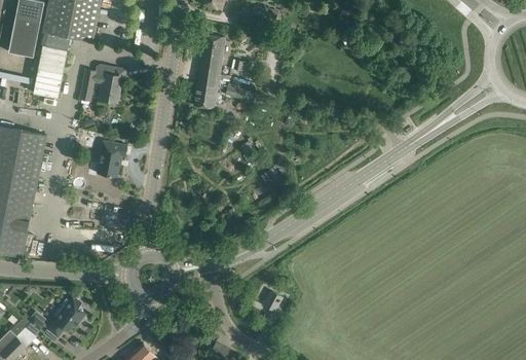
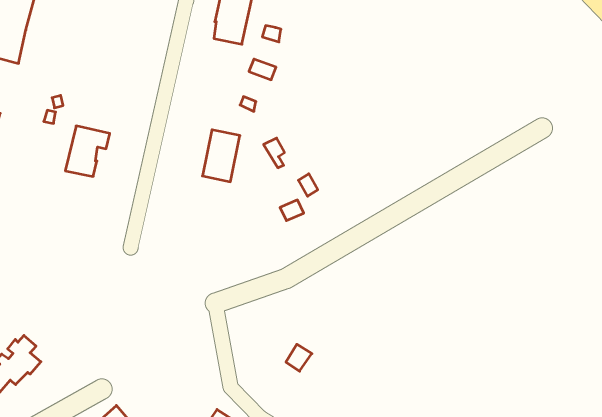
building: [80,67,126,103] -> none
building: [194,72,220,109] -> [202,130,240,182]

